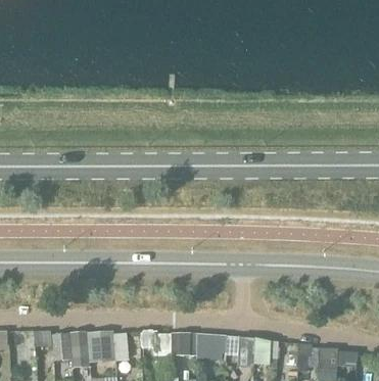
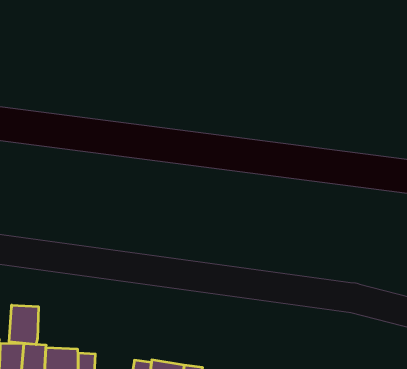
building: none -> [9,305,38,345]

